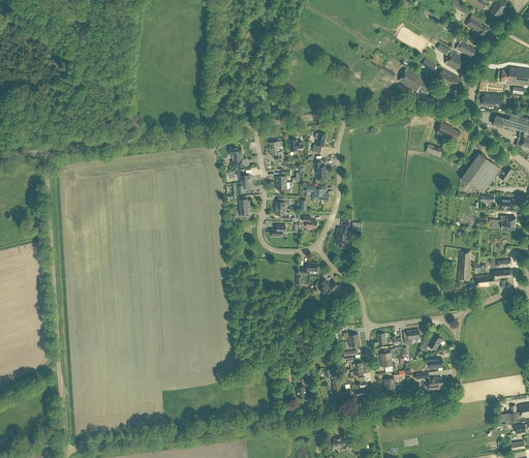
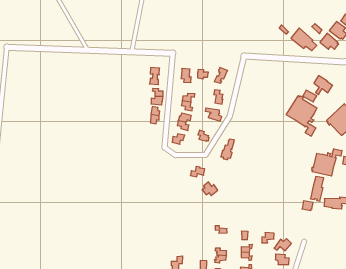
building: none -> [286,96,317,136]
building: none -> [312,149,342,176]

